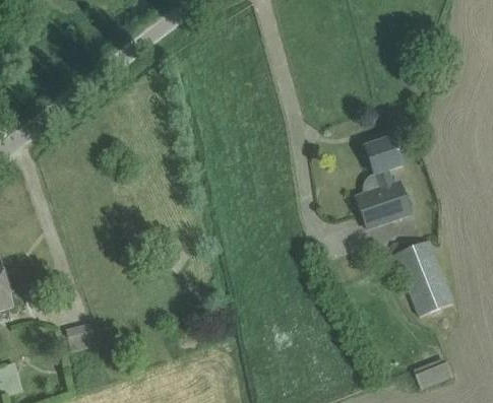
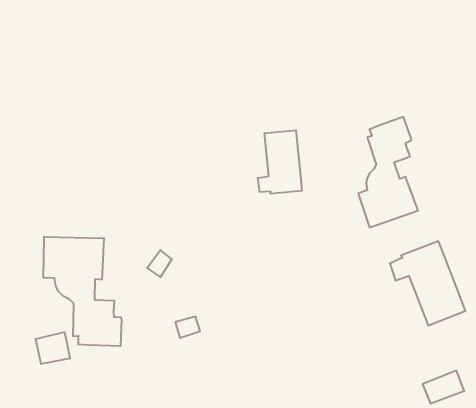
building: none -> [258,130,302,194]
building: none -> [43,237,122,346]

